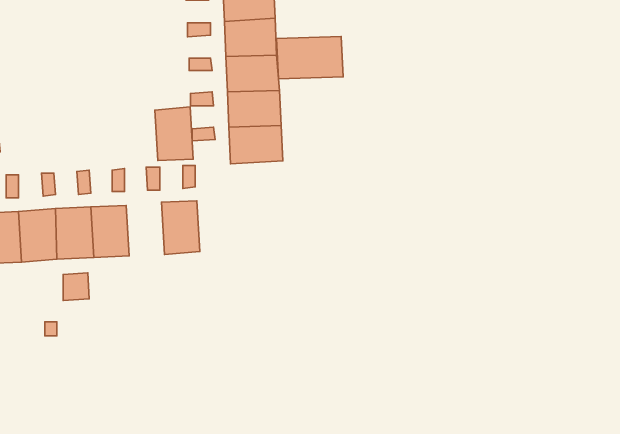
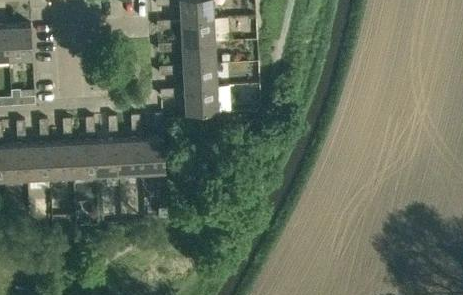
building: [277,37,343,79] -> none
building: [155,107,193,161] -> [117,141,142,176]

